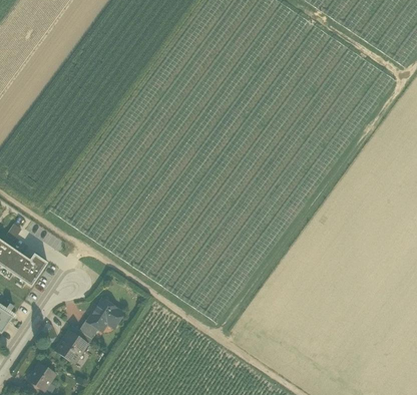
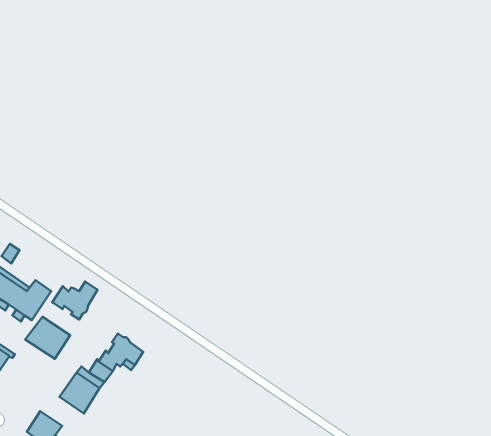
building: none -> [52,281,98,319]
building: none -> [25,317,70,359]

